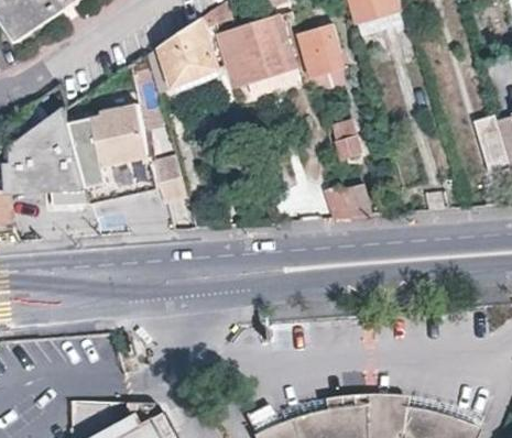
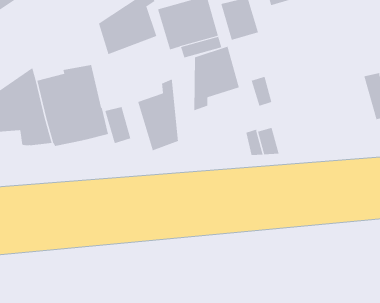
building: none -> [194,46,240,111]
building: none -> [138,79,178,151]

